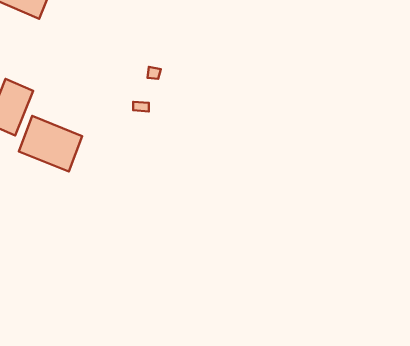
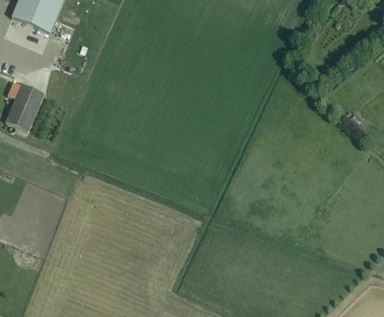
building: [19,116,82,172] -> none

